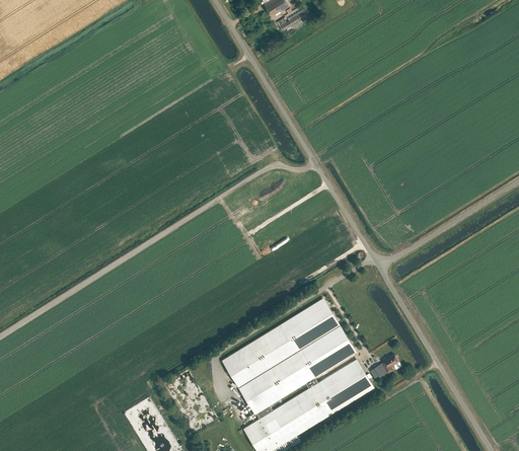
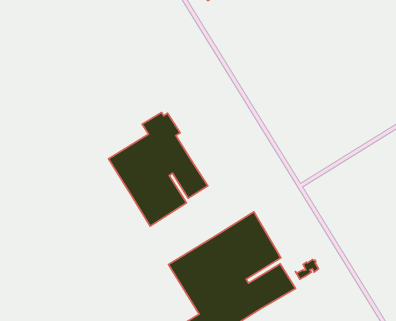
building: none -> [108,113,208,226]

